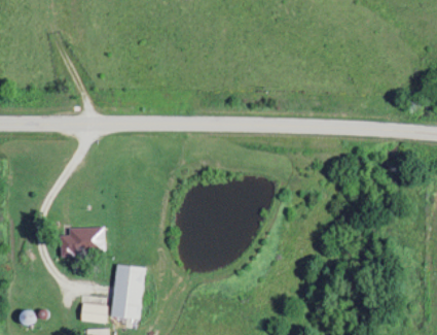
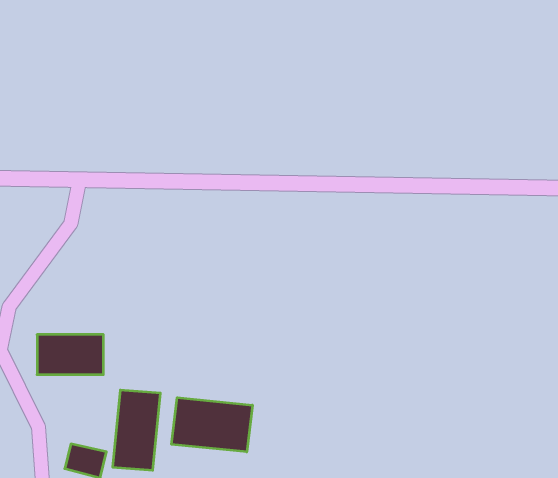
building: none -> [172,398,252,452]

